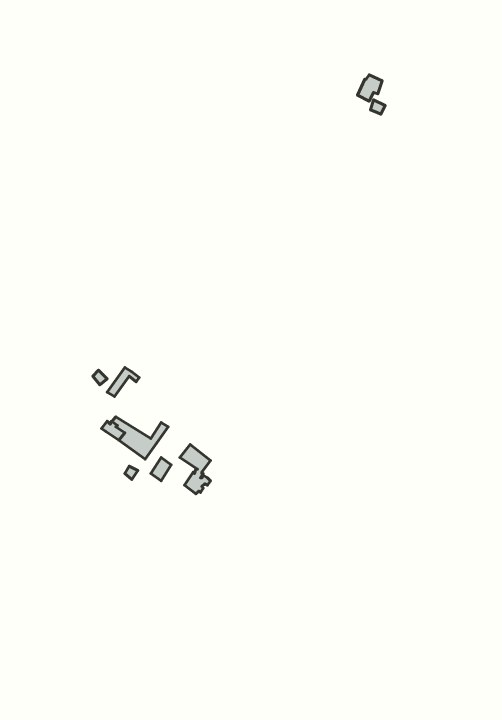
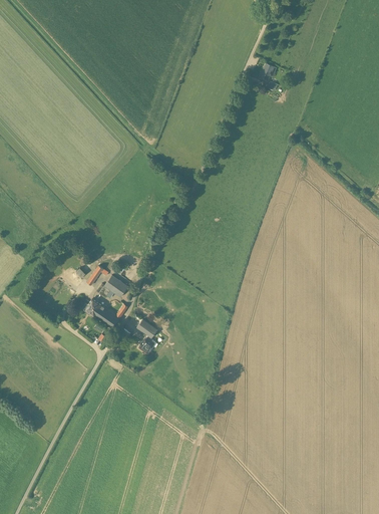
building: none -> [96,274,128,297]

